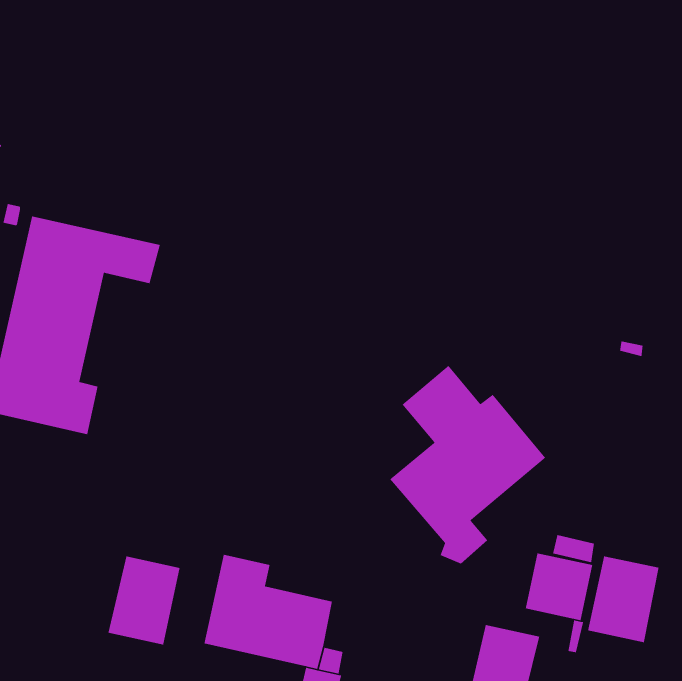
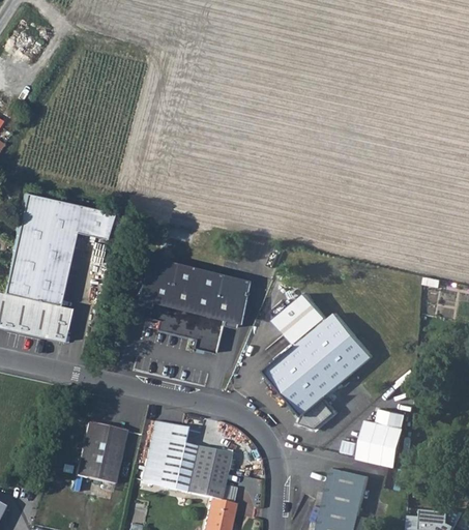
building: none -> [134,260,243,354]
building: [587,555,659,643] -> none

